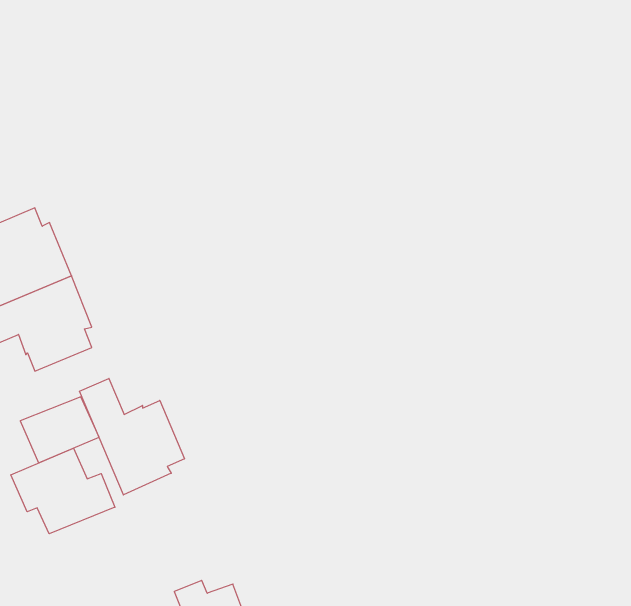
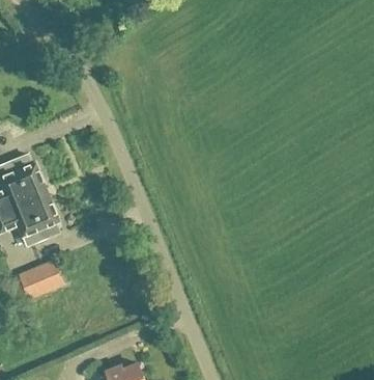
building: [80,378,184,495] -> none
building: [11,448,115,534] -> none

